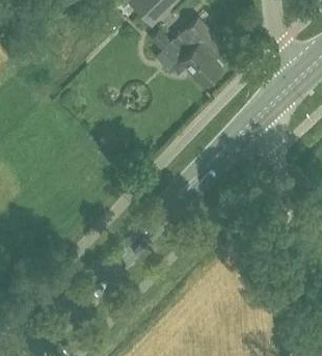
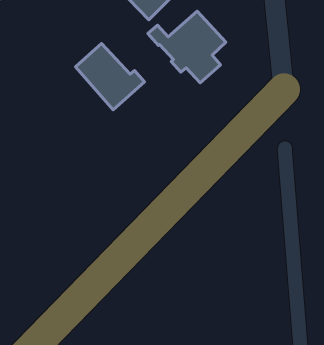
building: none -> [76,44,145,110]

